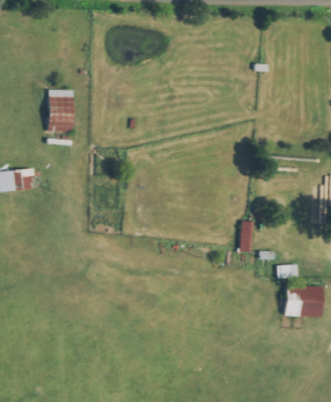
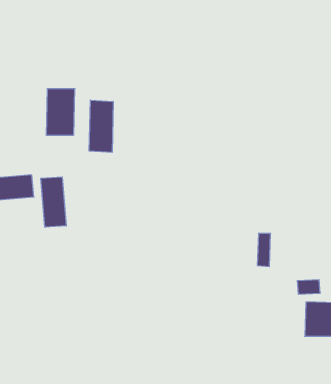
building: none -> [89,100,113,152]
building: none -> [41,177,66,227]

